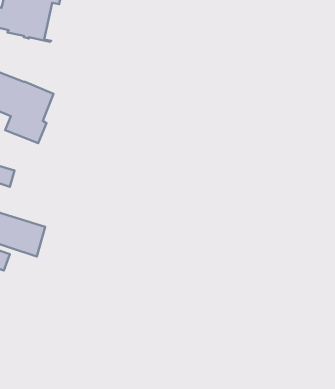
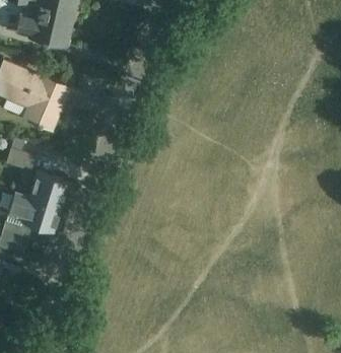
building: none -> [27,170,68,204]

